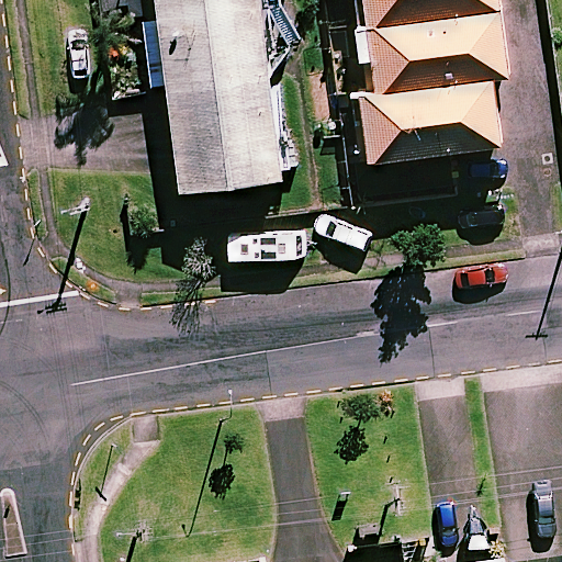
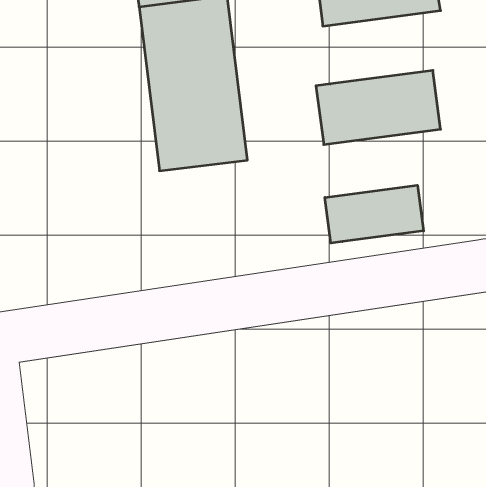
building: [367,12,508,95] -> none
building: none -> [325,185,424,243]

